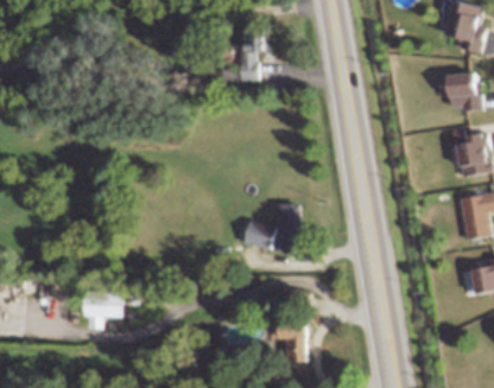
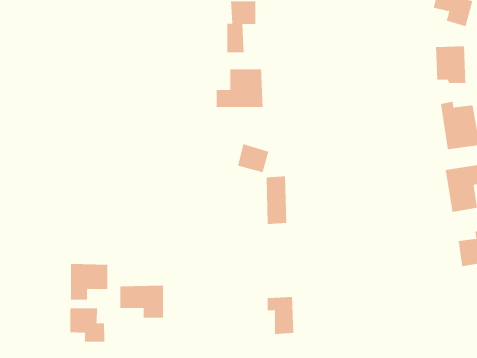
building: none -> [216,68,263,108]
building: [243,220,276,249] -> [237,143,269,173]
building: none -> [120,285,164,318]
building: none -> [70,307,105,343]

